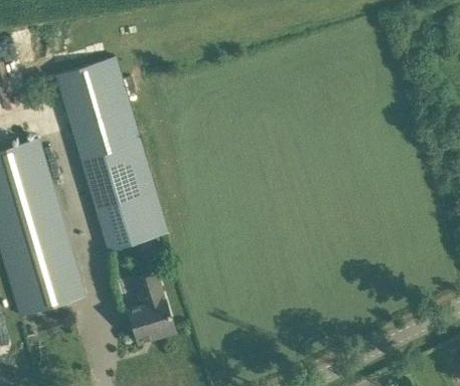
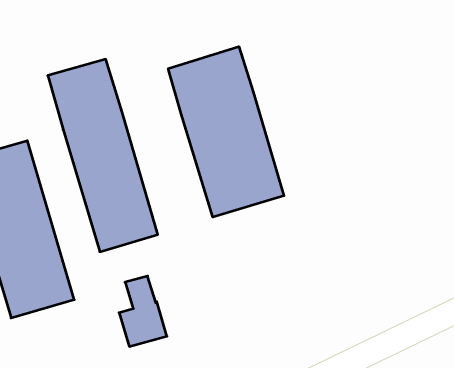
building: none -> [168,47,284,217]

